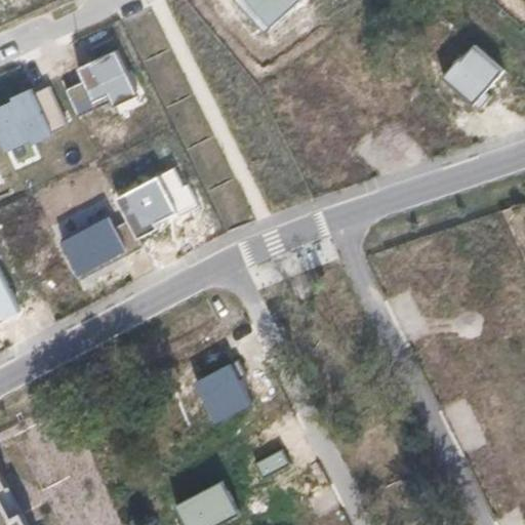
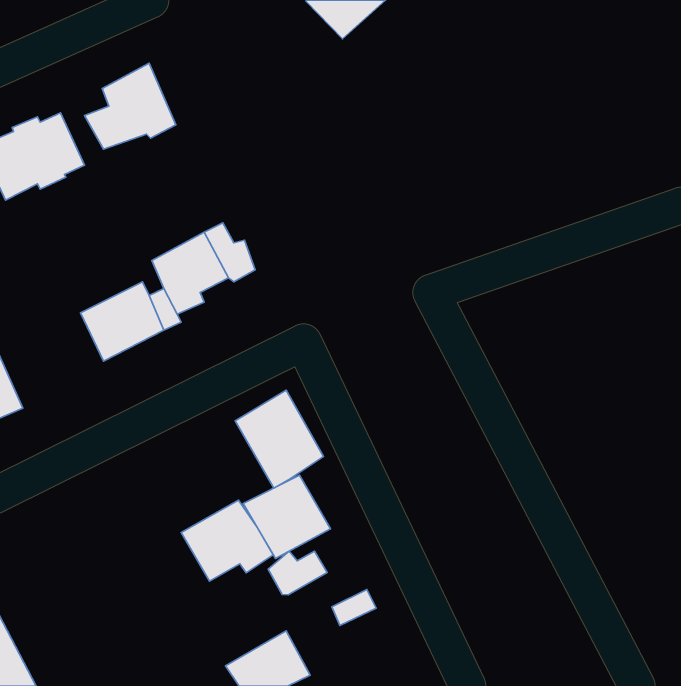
building: [440,45,503,102] -> none
building: none -> [235,390,324,488]
building: none -> [181,500,273,581]
building: none -> [268,551,327,595]

